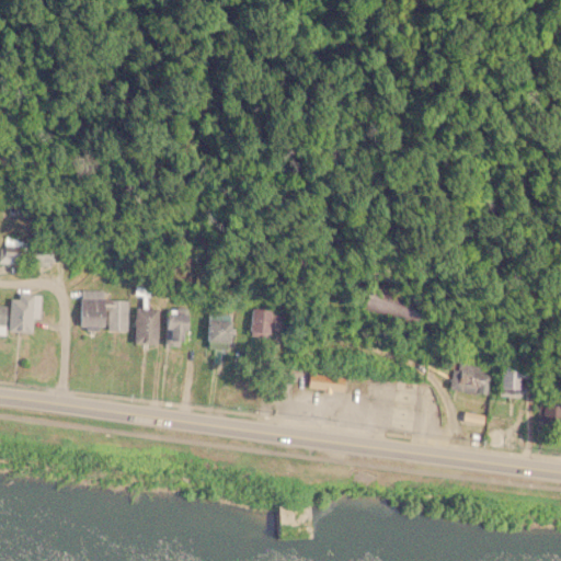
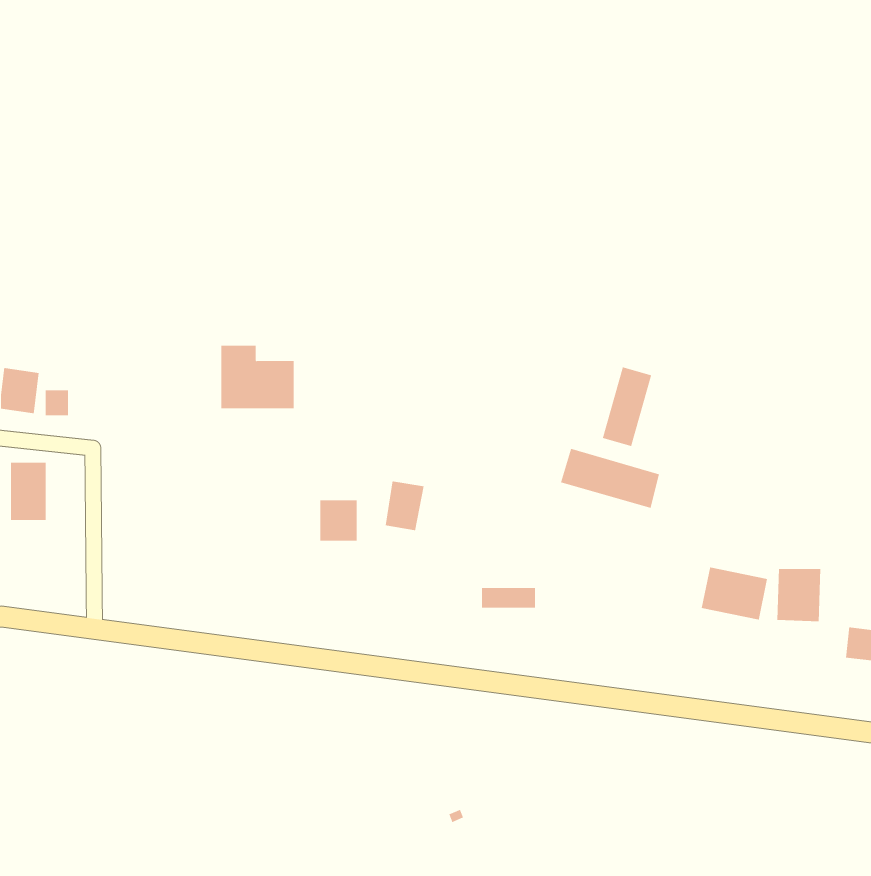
building: none -> [602,366,652,447]
building: [83,290,130,331] -> [220,345,294,409]
building: [137,309,160,344] -> none
building: [167,314,185,345] -> none

